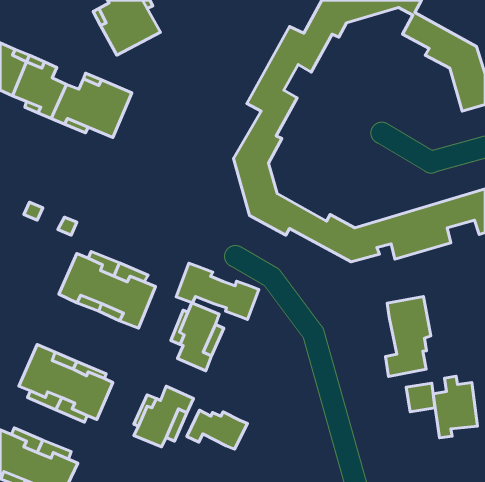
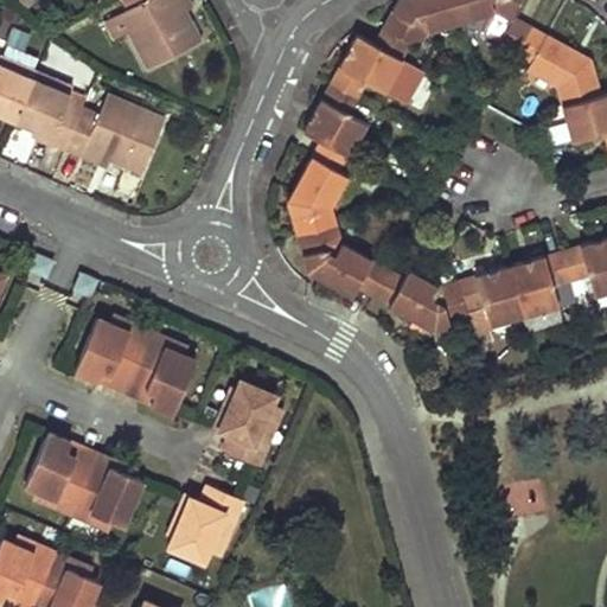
building: [176,263,259,319] -> none
building: [386,297,431,377] -> none
building: [433,376,478,438] -> none
building: [187,410,248,449] -> none

